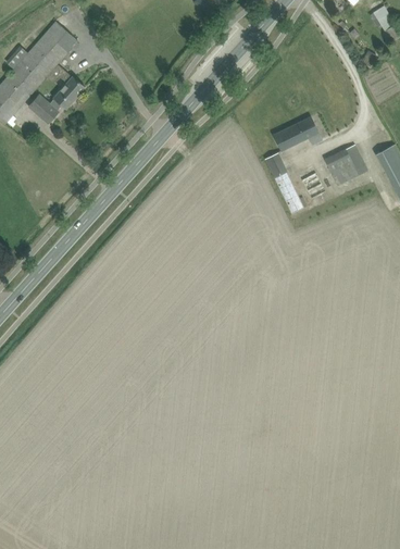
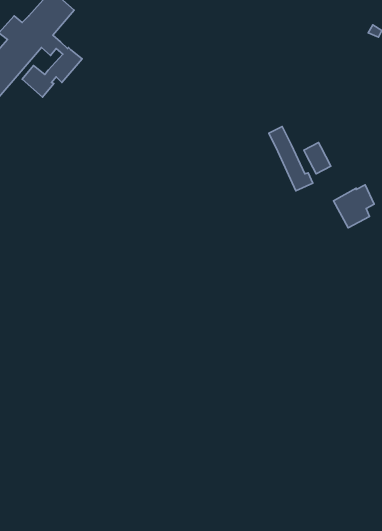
building: [273,116,318,151] -> none
building: [324,145,363,186] -> [333,185,374,228]

